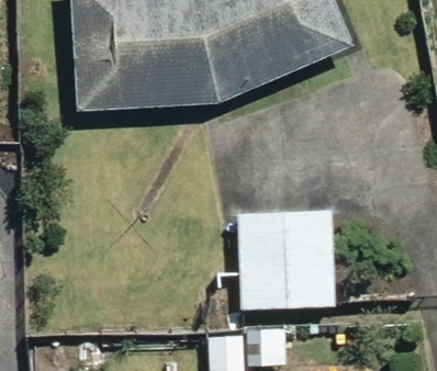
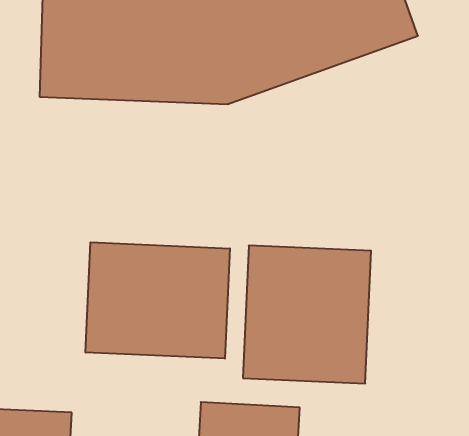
building: none -> [86,242,230,359]

